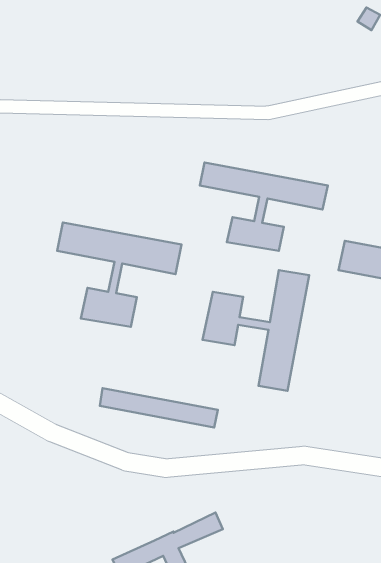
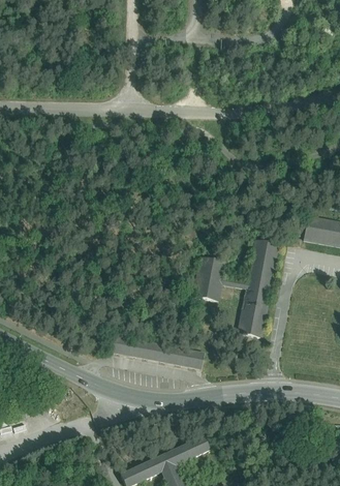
building: [200,162,328,251] -> none
building: [57,222,182,327] -> none

